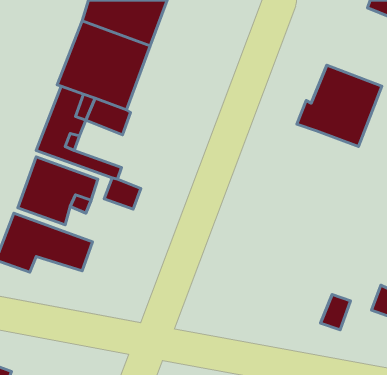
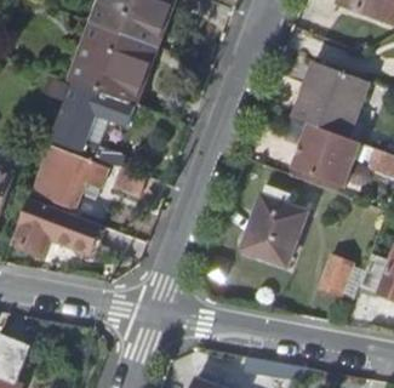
building: none -> [290,122,358,189]
building: none -> [242,184,301,263]

